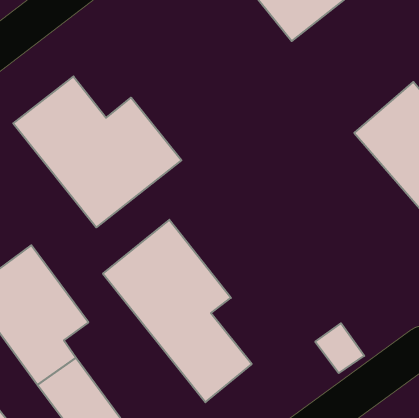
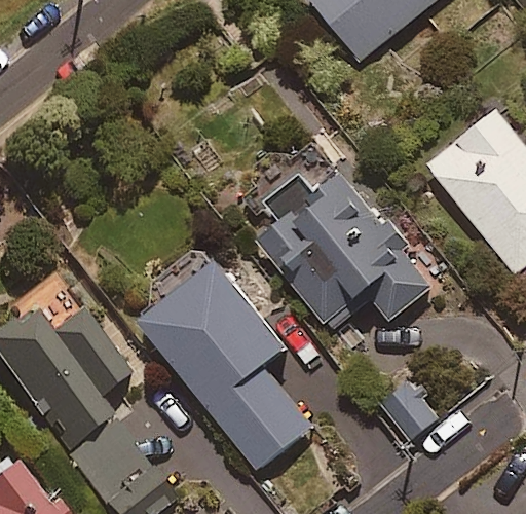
building: [13,76,181,227] -> none
building: none -> [260,176,431,327]

